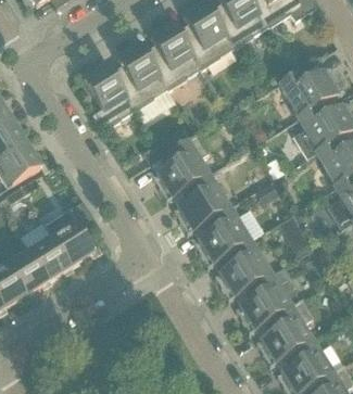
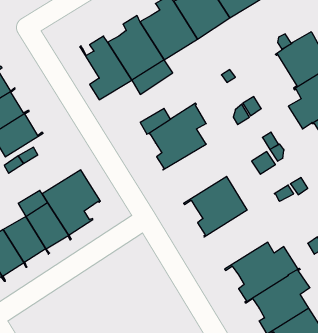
building: [166,175,230,234] -> none
building: [207,241,272,301] -> none

